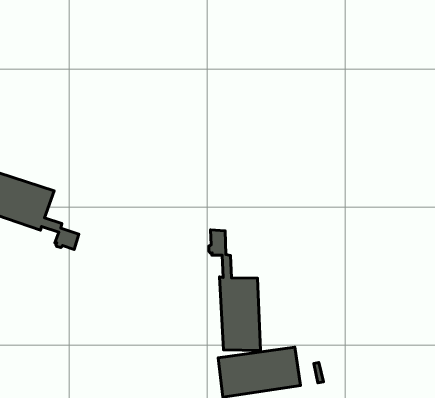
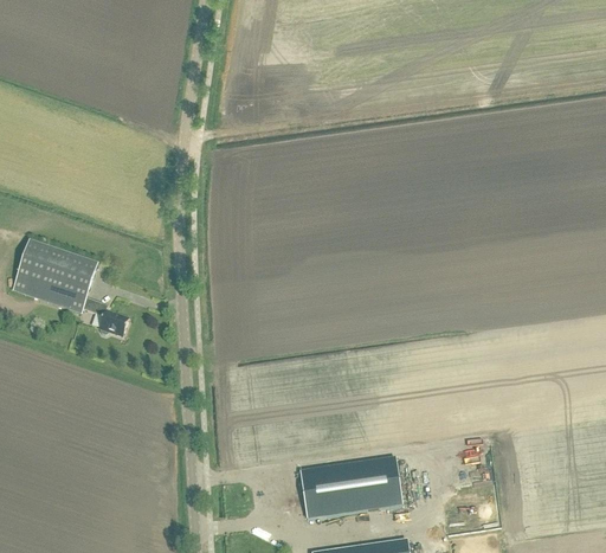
building: [209,230,261,350] -> none

